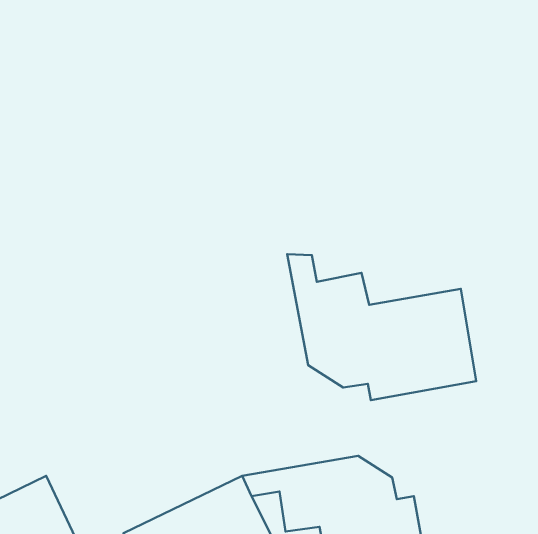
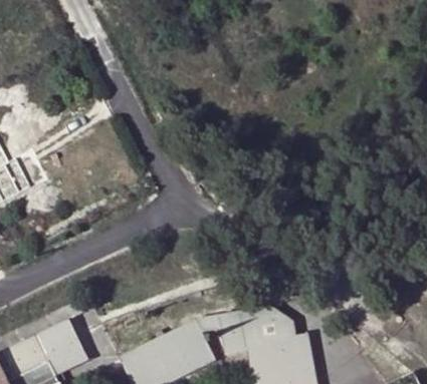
building: [287,254,476,400] -> none

